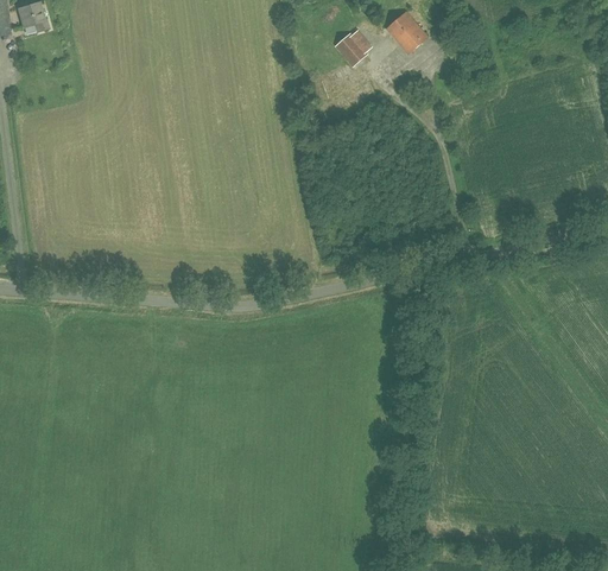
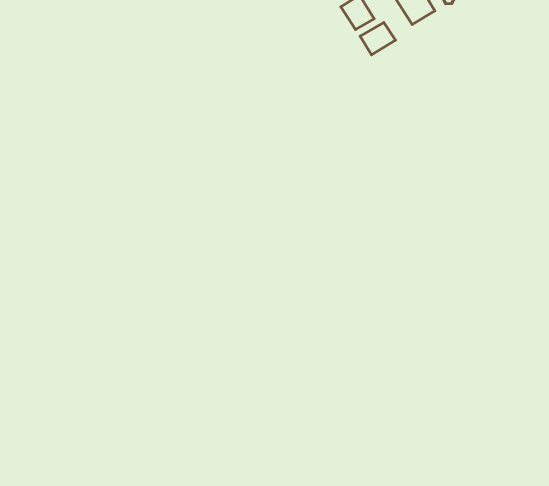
building: none -> [360,23,395,55]

